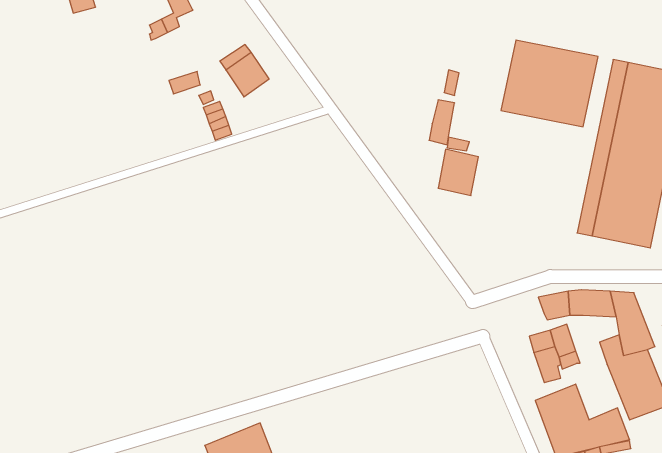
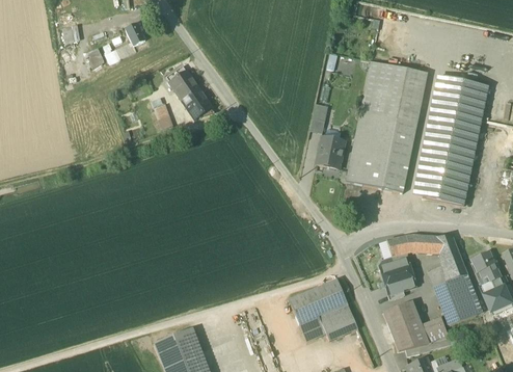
building: none -> [181,87,212,118]
building: none -> [345,109,416,192]
building: none -> [288,277,357,341]

